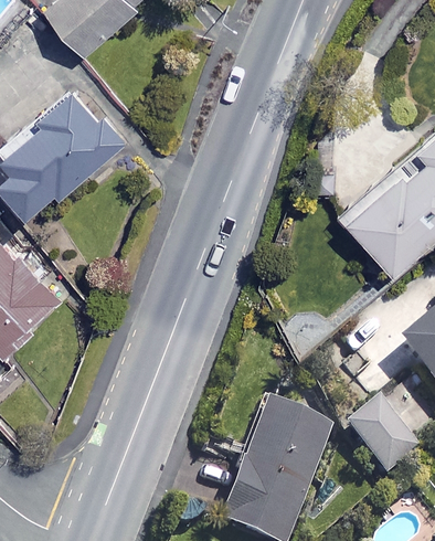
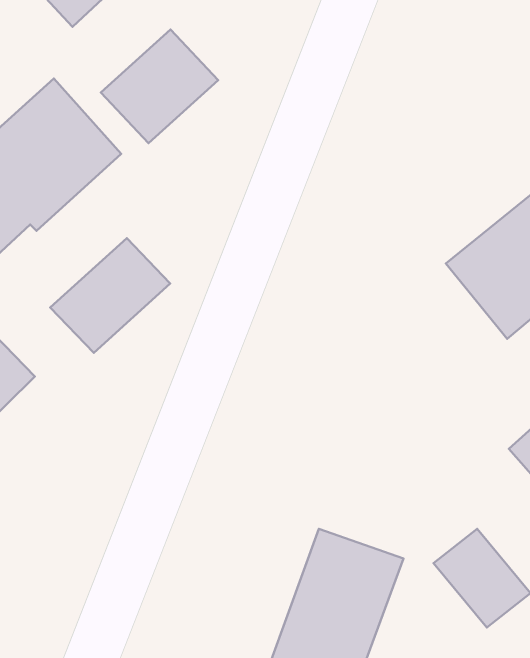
building: none -> [101,29,218,143]
building: none -> [50,238,170,353]

